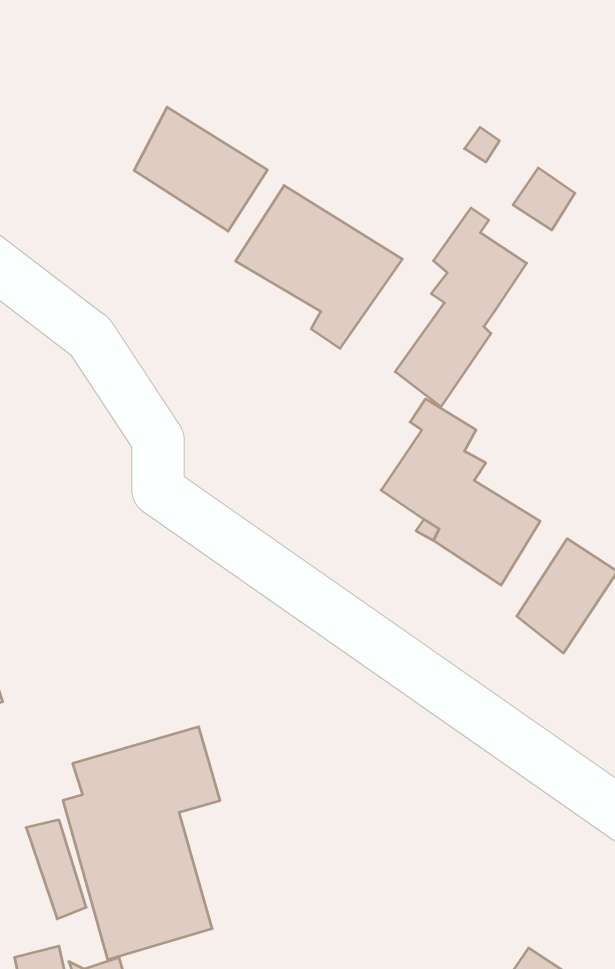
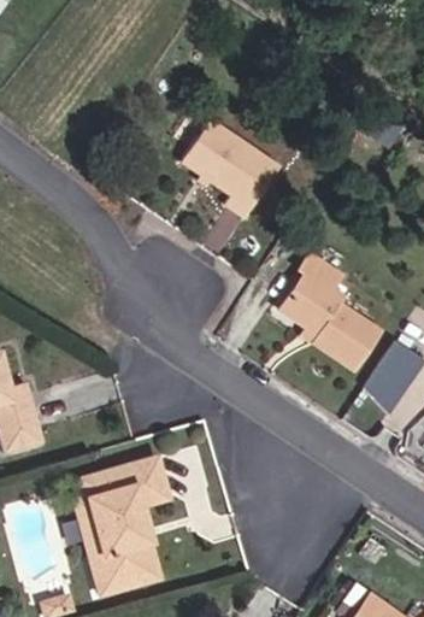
building: [134,107,267,231] -> none
building: [395,208,527,407] -> none

